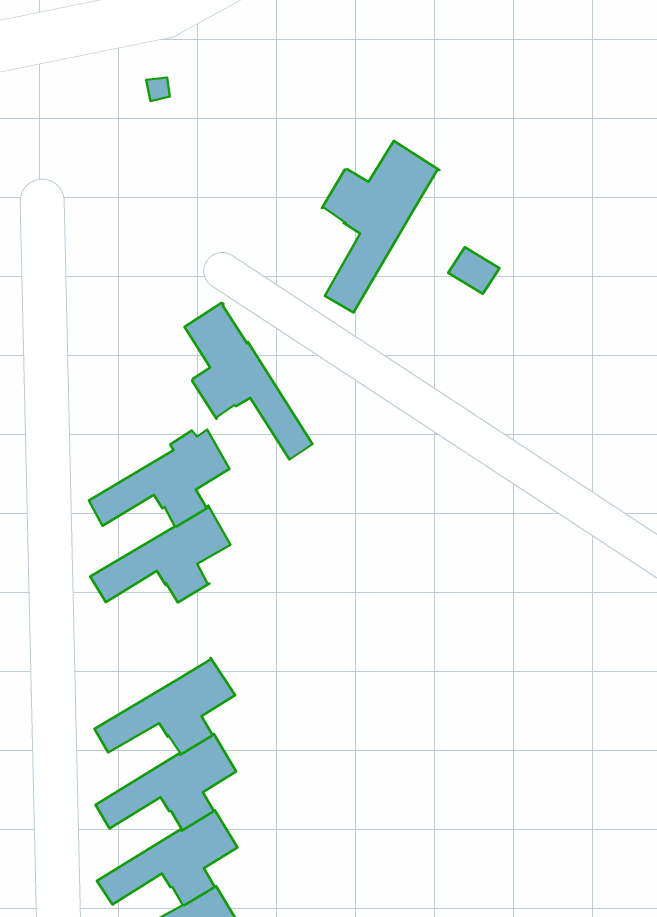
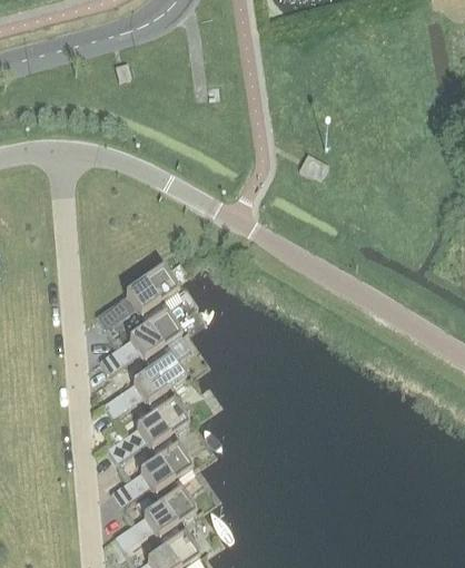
building: [322,141,440,313] -> none
building: [185,303,312,459] -> none
building: none -> [106,356,186,417]

